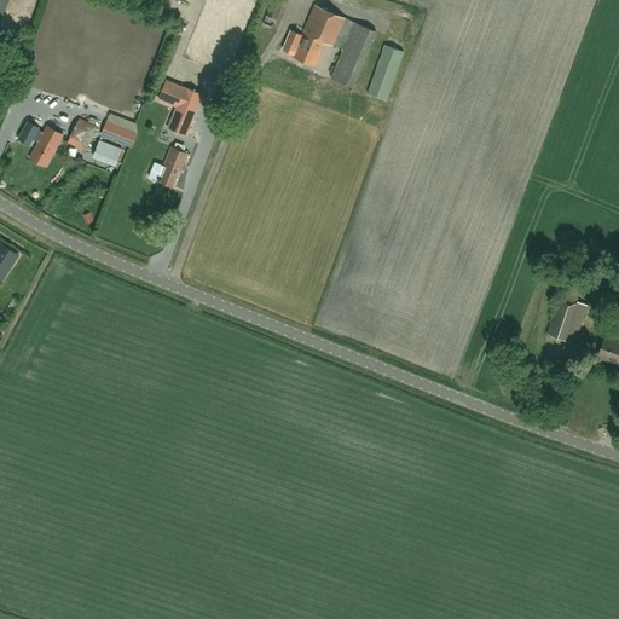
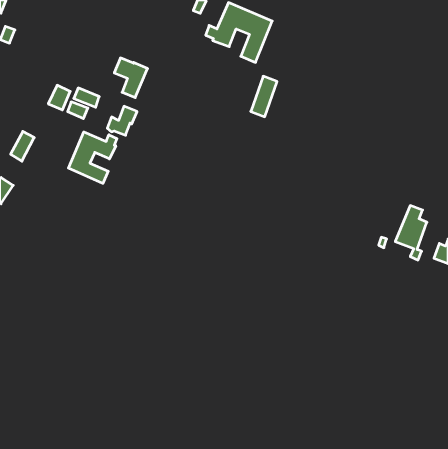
building: [368,44,404,99] -> [251,76,277,117]
building: [30,126,63,167] -> [11,131,34,161]
building: none -> [68,132,117,183]

